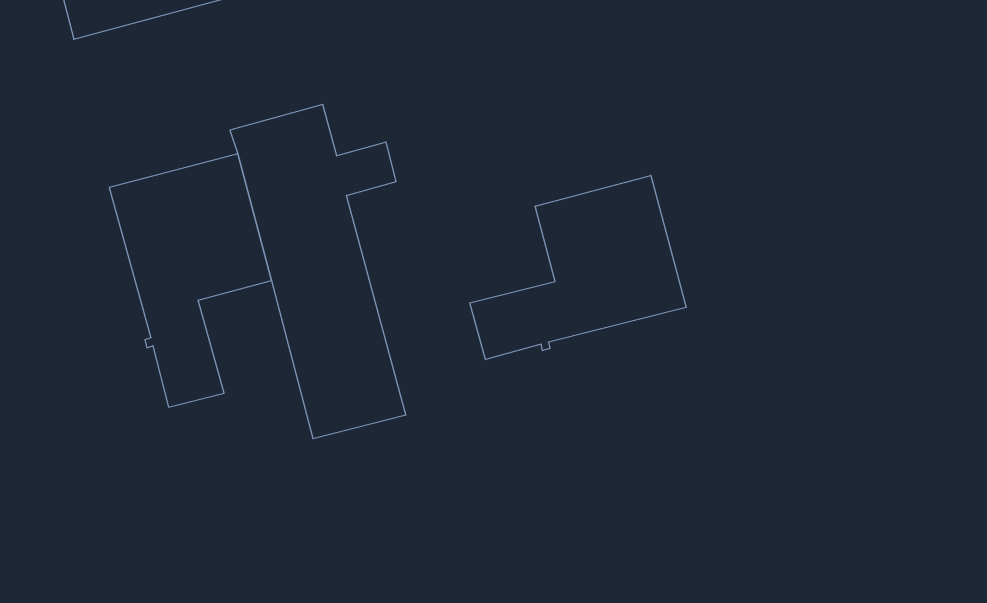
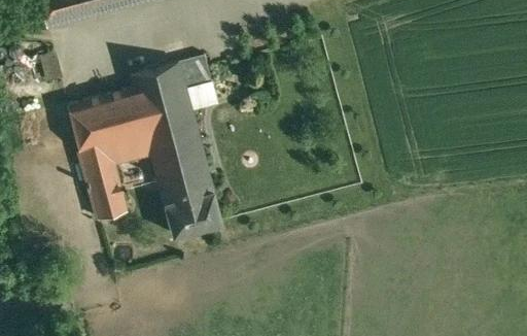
building: none -> [177,53,210,87]
building: [470,175,686,360] -> none

